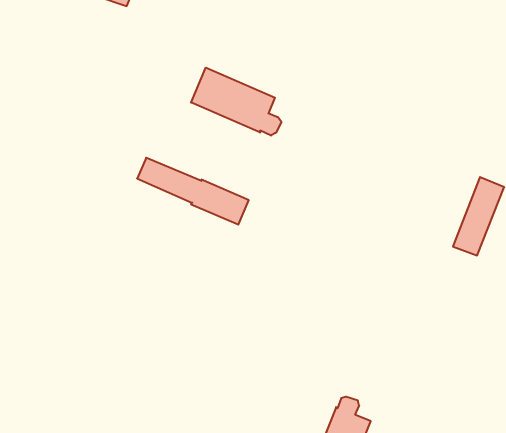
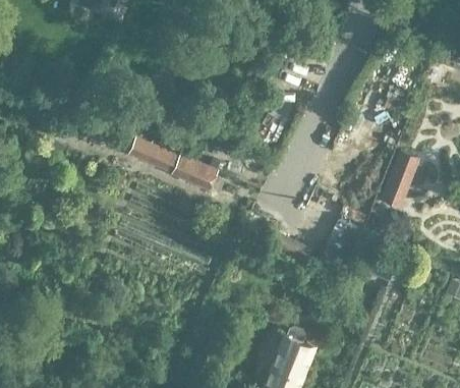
building: [191,68,281,136] -> none

